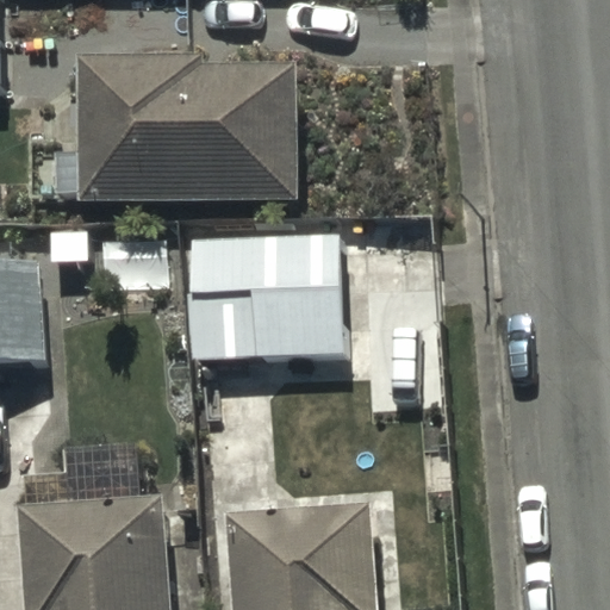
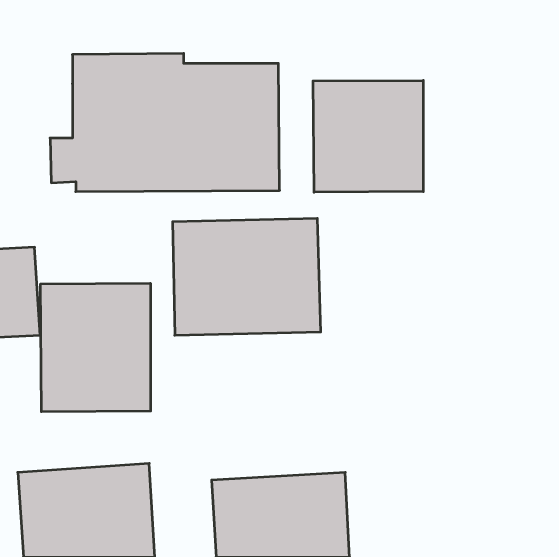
building: none -> [313,80,423,192]
building: none -> [41,283,151,412]

